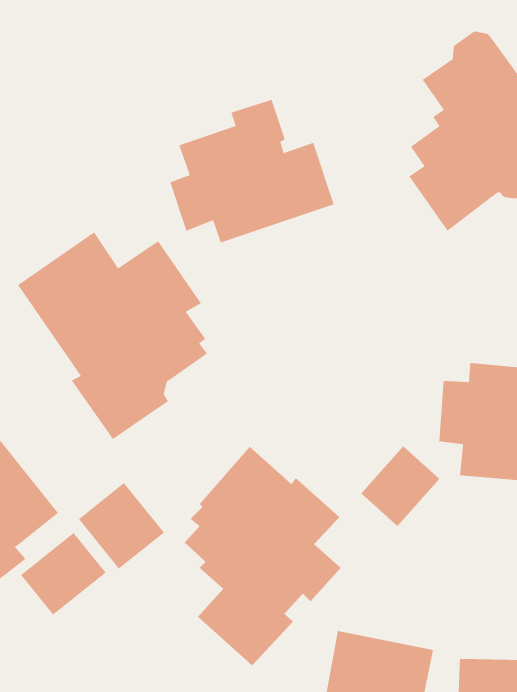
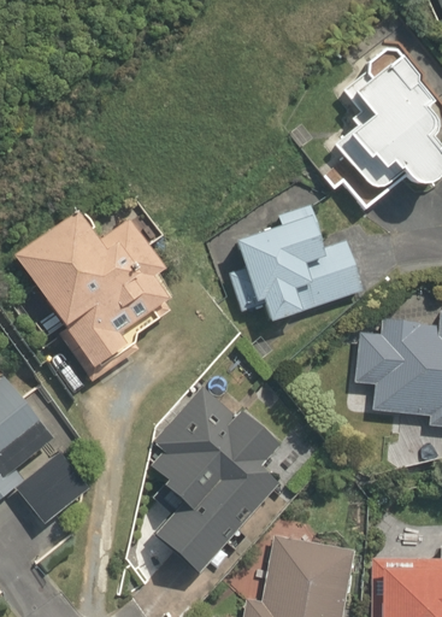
building: [169,99,335,243] -> [229,205,363,322]
building: [361,446,440,527] -> none
building: [78,482,165,569] -> none

